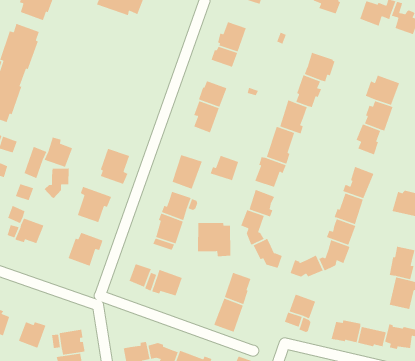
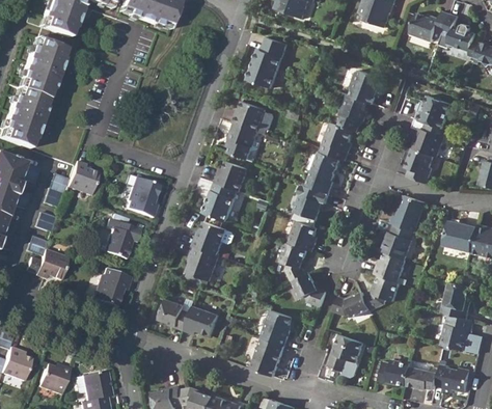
building: [210,155,239,182] -> [216,161,248,190]
building: [44,168,69,199] -> none
building: [197,222,231,257] -> none

